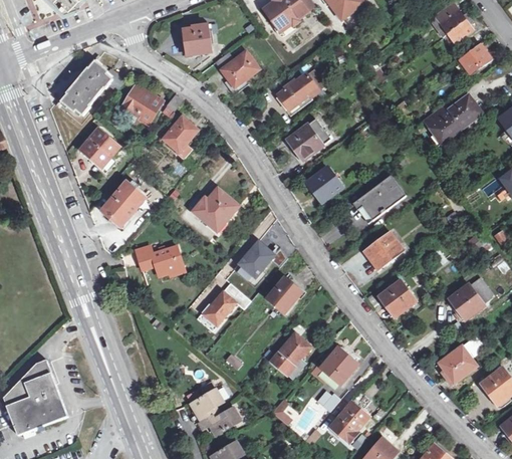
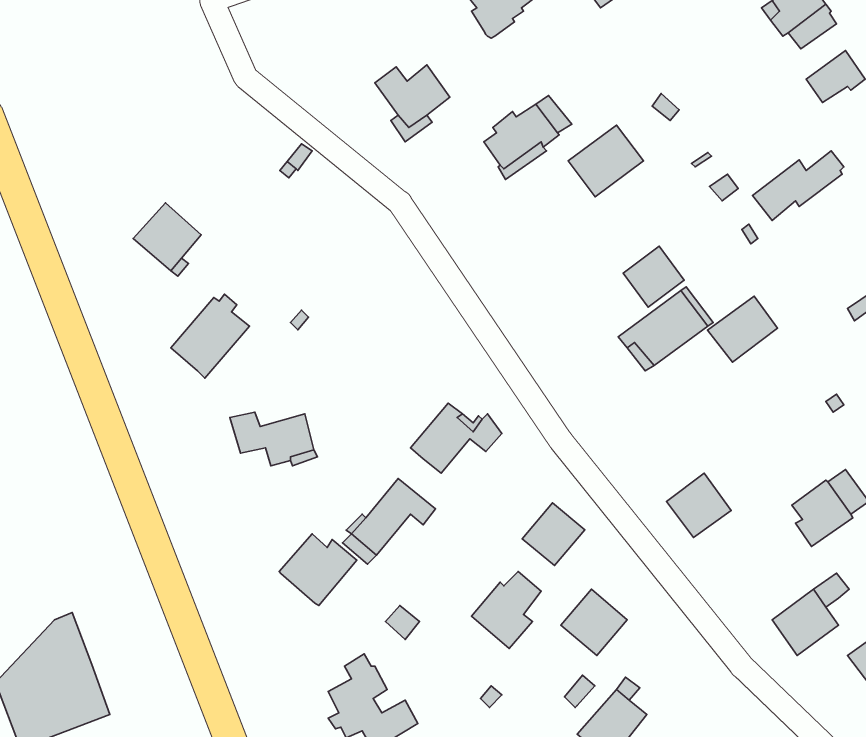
building: [183,24,211,54] -> none
building: [60,61,127,116] -> none
building: [121,84,163,126] -> none
building: [162,116,198,153] -> none
building: [288,120,330,160] -> [568,125,643,197]
building: [307,168,341,202] -> [623,246,684,307]
building: [193,189,237,231] -> none
building: [364,232,404,269] -> [708,296,777,362]
building: [266,278,301,313] -> [522,503,585,566]
building: none -> [279,534,357,605]

